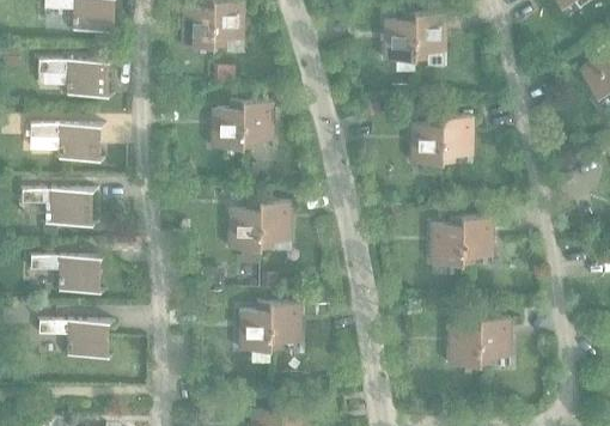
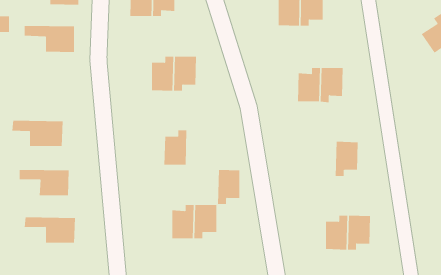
building: [30,124,99,160] -> none
building: [260,202,291,250] -> [217,169,240,205]
building: [431,218,463,266] -> none

